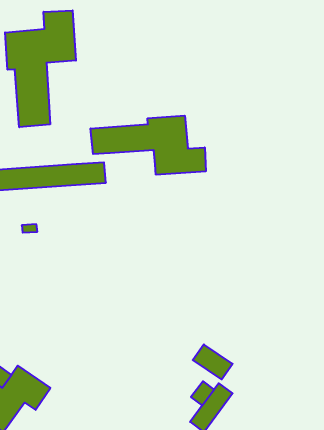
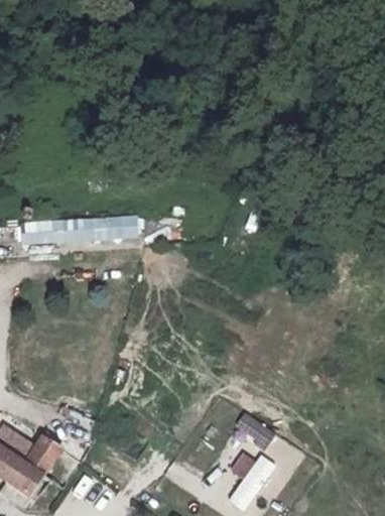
building: [5,10,76,127] -> none
building: [91,116,206,175] -> none

